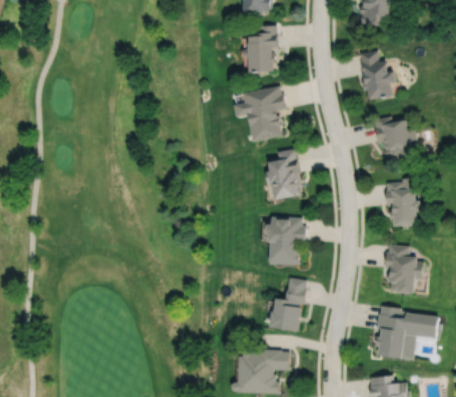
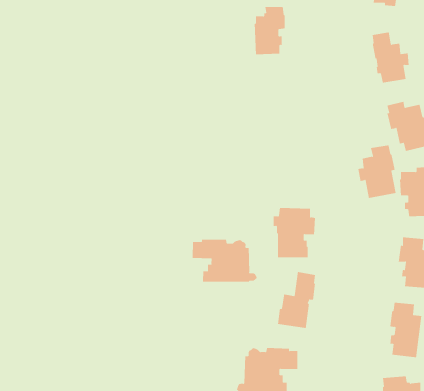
building: [233,86,285,141] -> none
building: [264,149,301,200] -> [358,145,397,198]
building: none -> [192,239,257,282]

